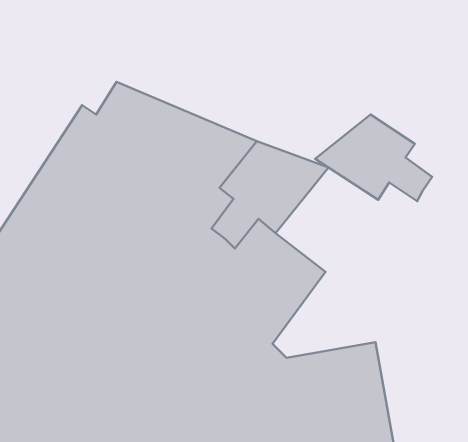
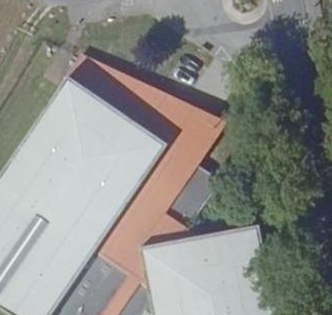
building: [315,114,432,201] -> none

